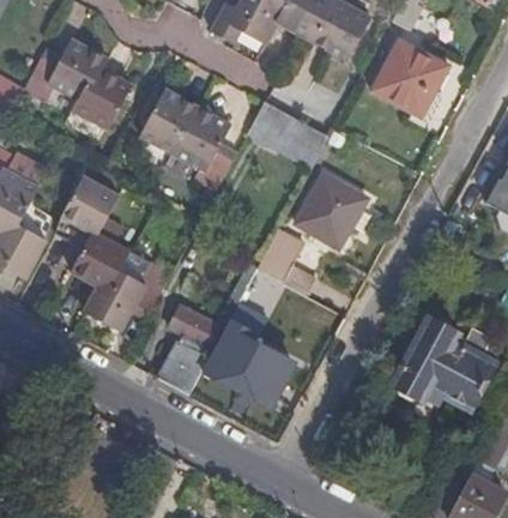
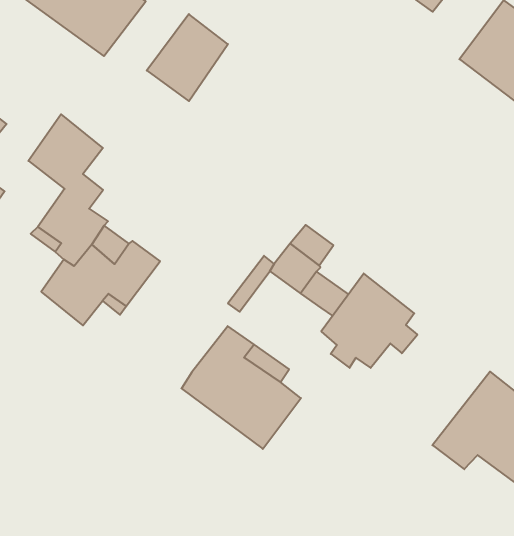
building: [247,101,328,167] -> none
building: [175,106,232,187] -> none
building: [297,177,369,249] -> [321,273,417,368]
building: [158,301,222,394] -> none

